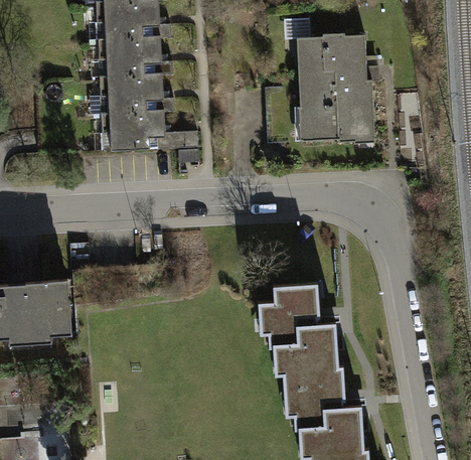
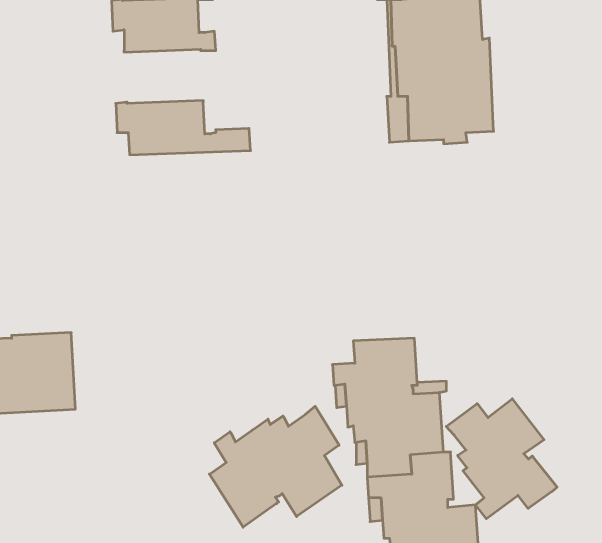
building: [100,74,175,114] -> none
building: none -> [446,399,557,519]
building: none -> [209,406,342,527]

